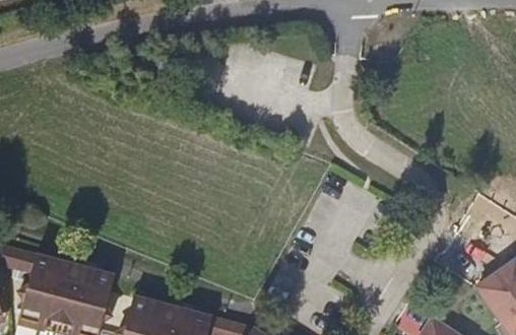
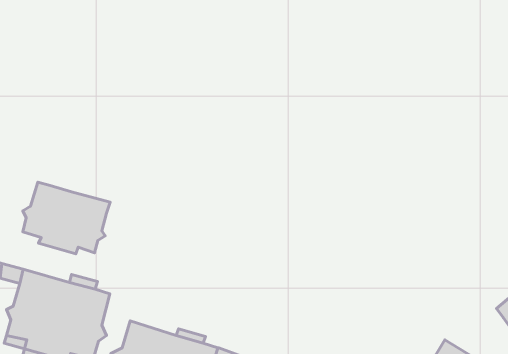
building: none -> [23,182,110,254]

